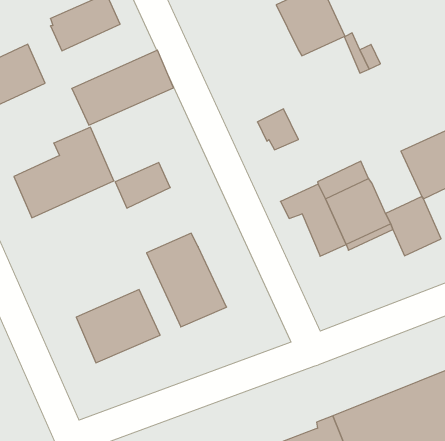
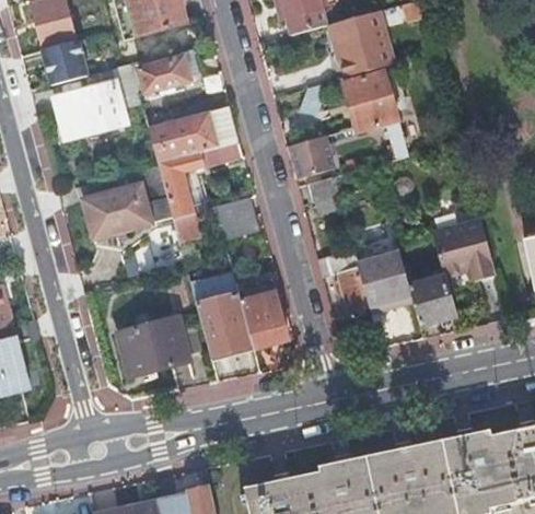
building: none -> [290,138,335,179]
building: none -> [158,144,242,220]
building: none -> [214,200,257,241]
building: none -> [237,281,288,348]

